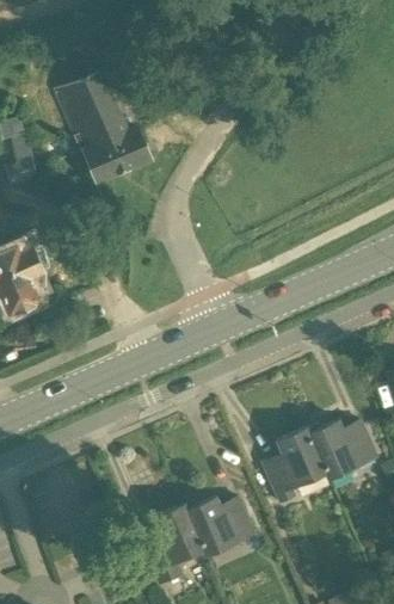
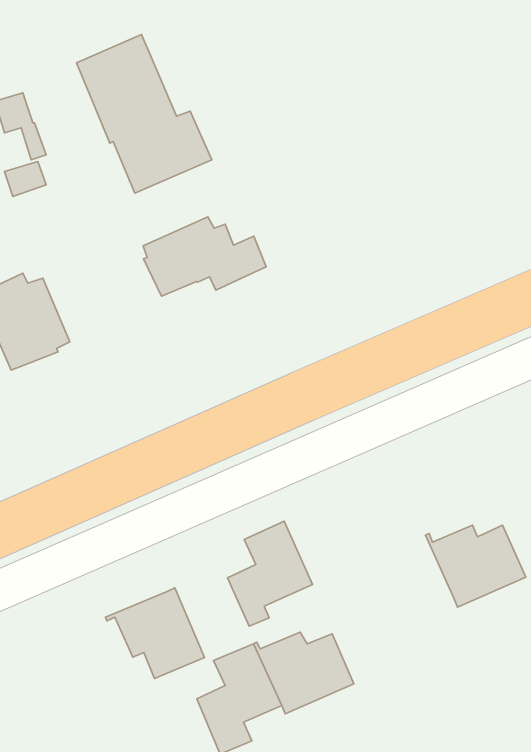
building: none -> [143,217,266,296]
building: [265,429,326,504] -> [227,521,313,626]
building: none -> [106,588,205,678]

